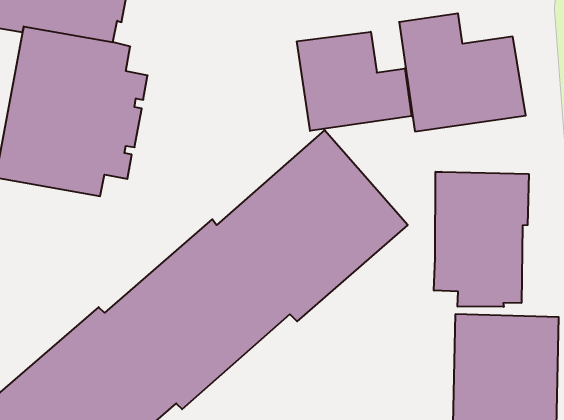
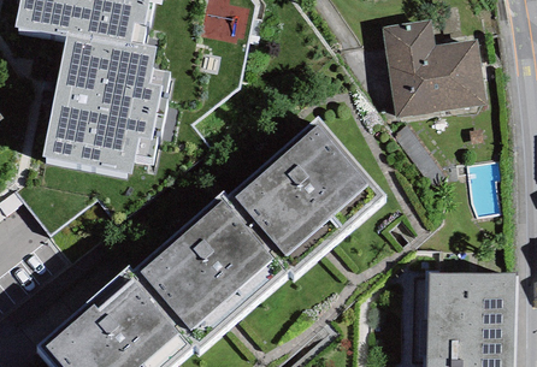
building: [297,32,412,131] -> none
building: [434,172,529,307] -> none

